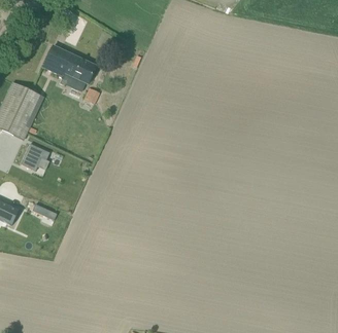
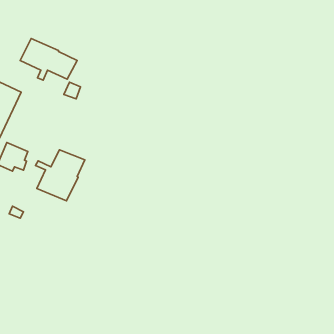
building: none -> [36,150,85,201]

